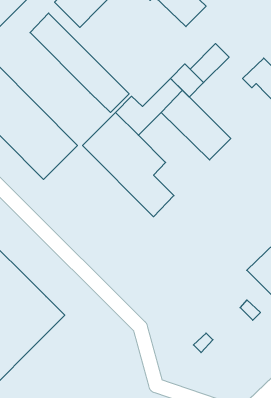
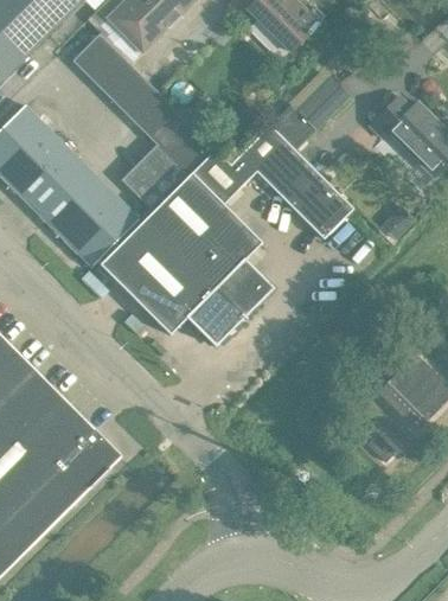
building: none -> [120,143,184,206]
building: none -> [98,217,244,345]

